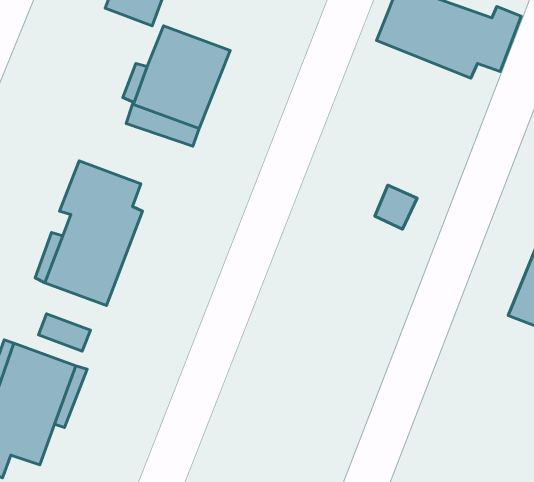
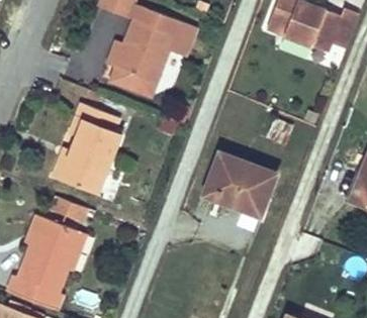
building: none -> [202,153,275,216]

